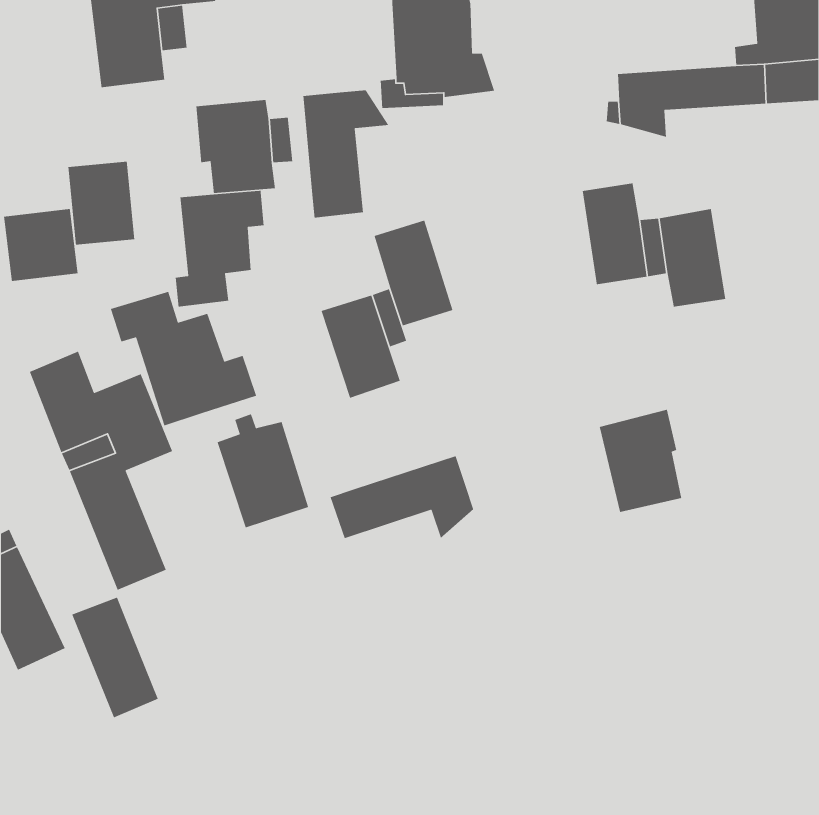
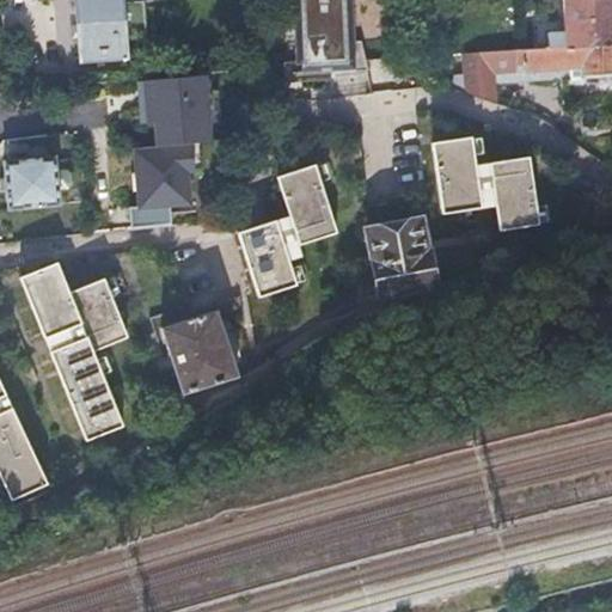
building: [302,90,389,218] -> none
building: [67,161,135,246] -> none
building: [110,291,257,426] -> none
building: [599,409,682,513] -> [371,218,433,295]
building: [329,455,474,539] -> none
building: [71,596,159,718] -> none

